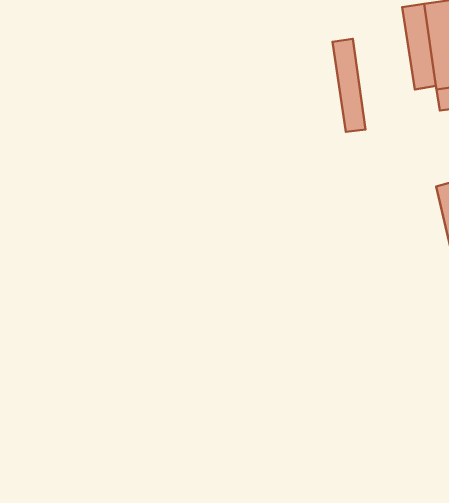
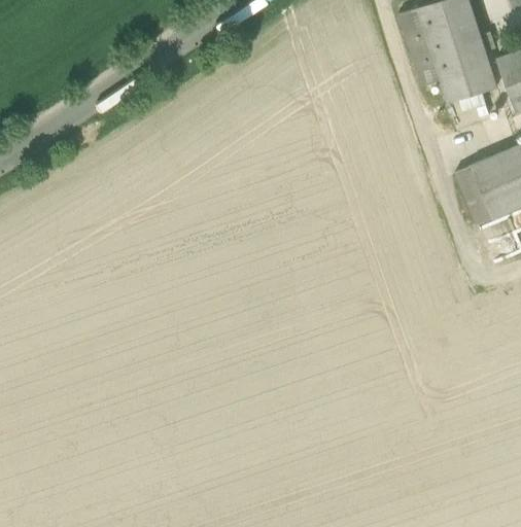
building: [332,39,365,132] -> none

